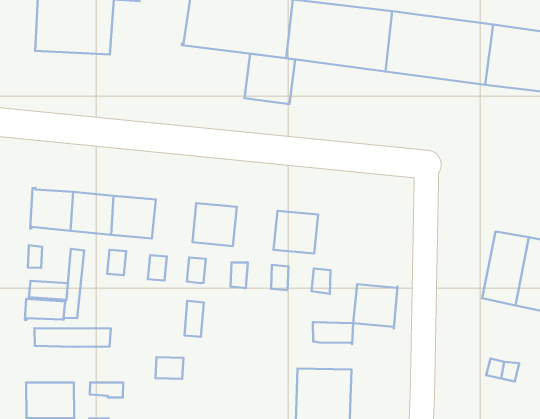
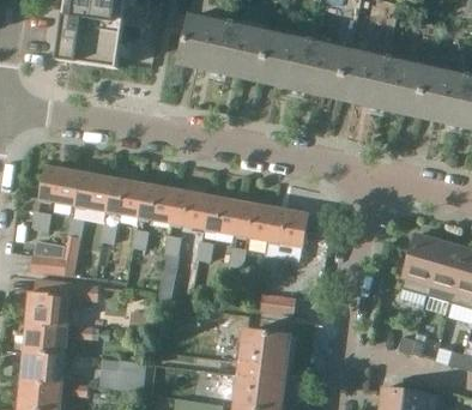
building: [244,54,295,104] -> none
building: none -> [139,185,177,222]
building: none -> [204,197,242,234]
building: [353,284,398,328] -> [268,209,307,247]
building: none -> [28,291,68,326]

